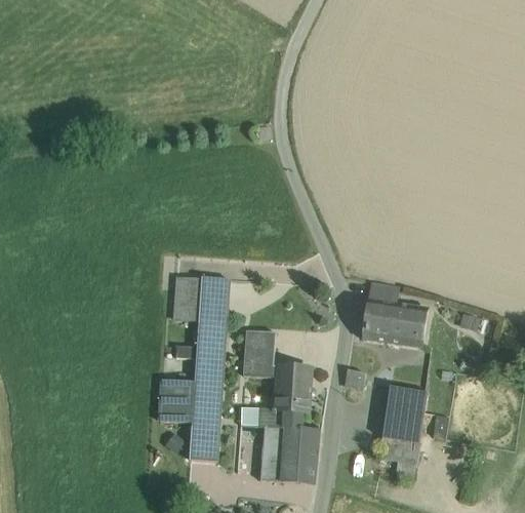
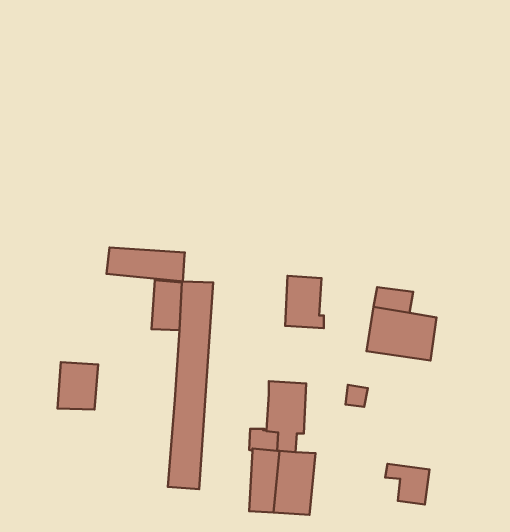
building: none -> [106,248,185,281]
building: [244,330,278,377] -> [285,276,324,328]
building: [159,380,195,422] -> [57,362,98,410]
building: [382,386,427,443] -> none

